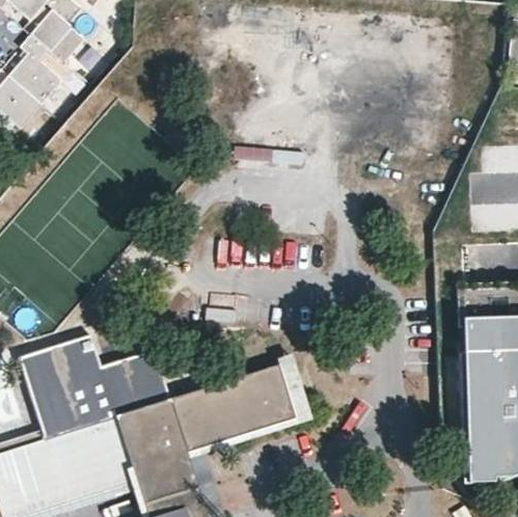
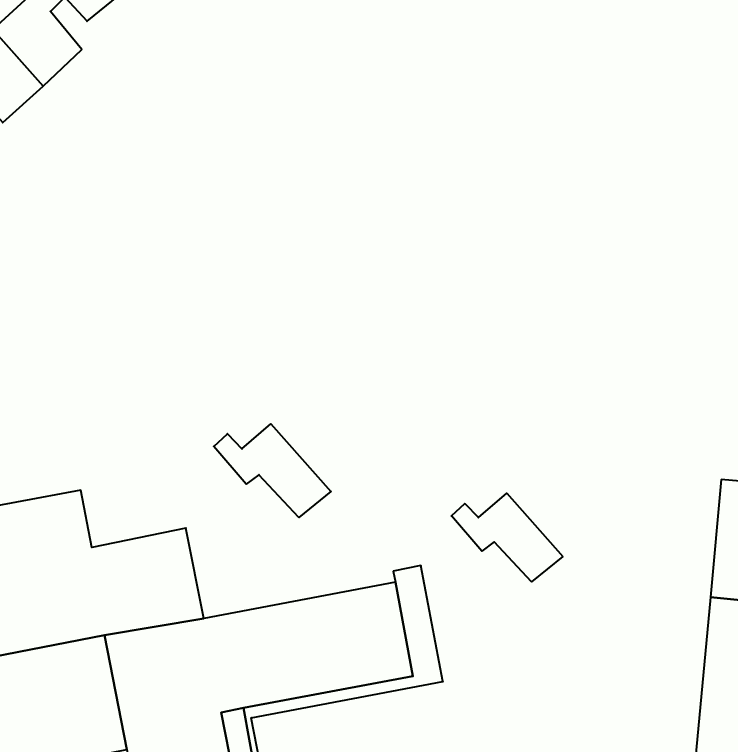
building: none -> [214,424,331,517]
building: none -> [451,493,563,582]

